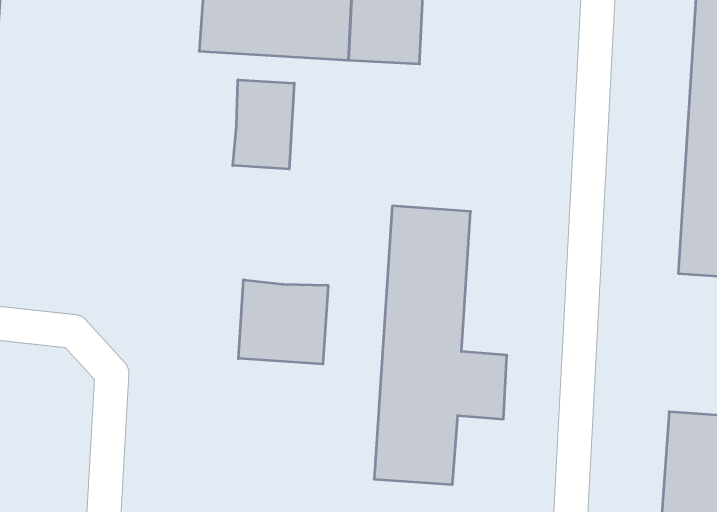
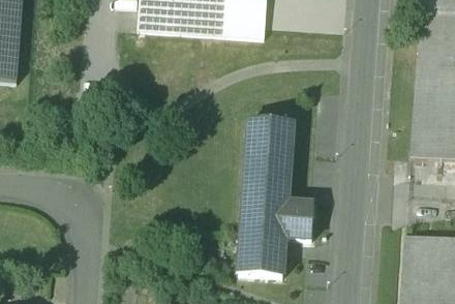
building: [233,80,294,169] -> none
building: [238,280,328,364] -> none

